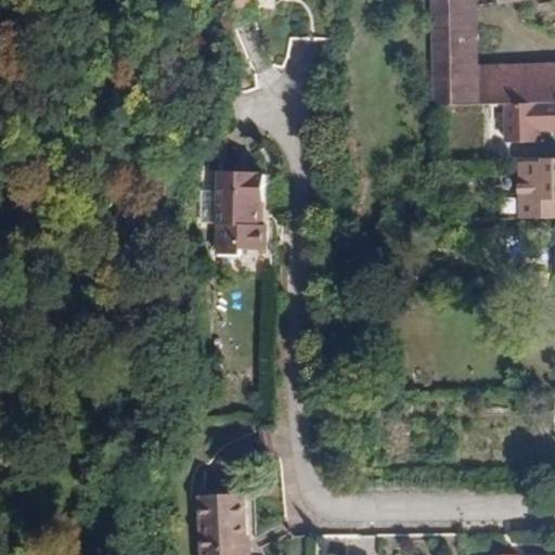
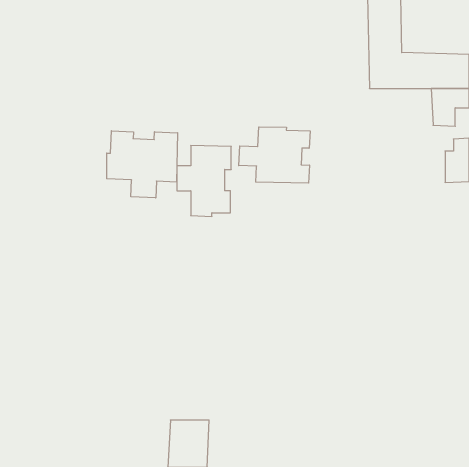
building: none -> [239,127,310,183]
building: none -> [107,131,178,198]

